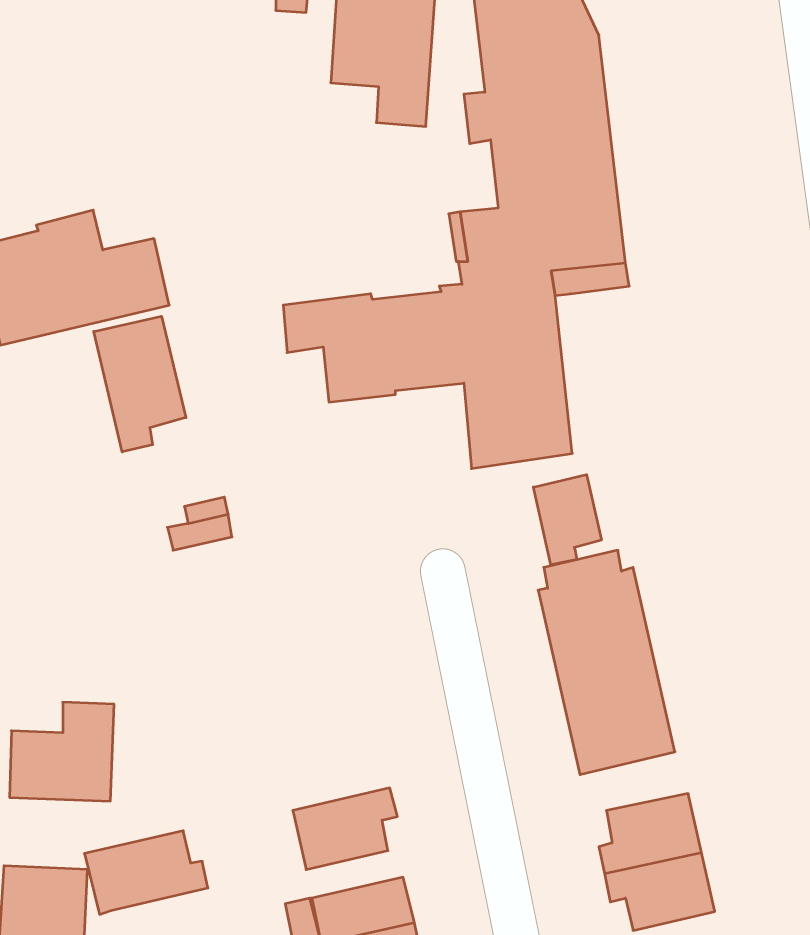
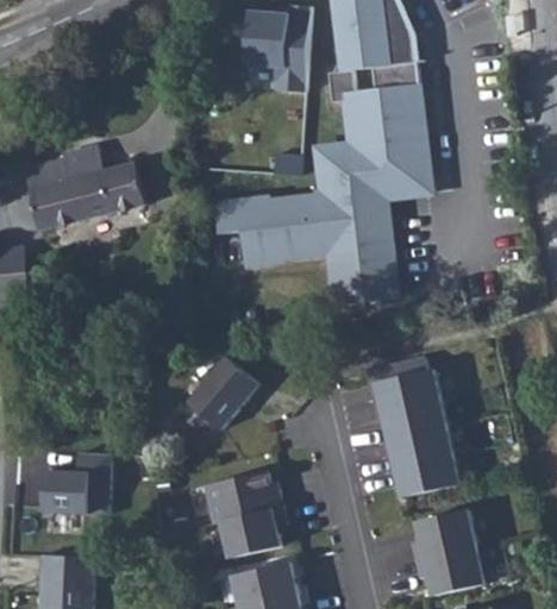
building: [94,316,186,452] -> none
building: [533,475,601,565] -> none
building: none -> [187,356,258,429]
building: [84,831,208,914] -> [204,471,281,523]

